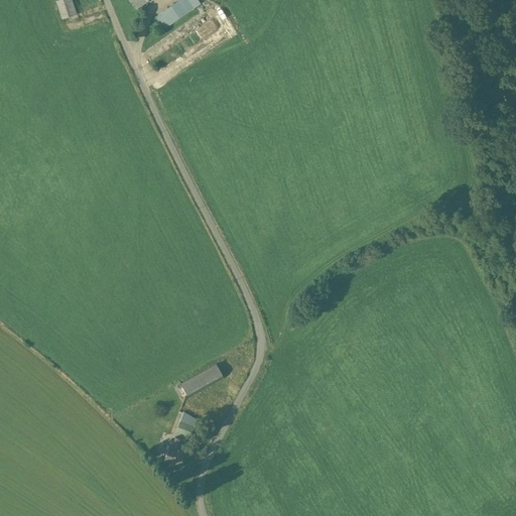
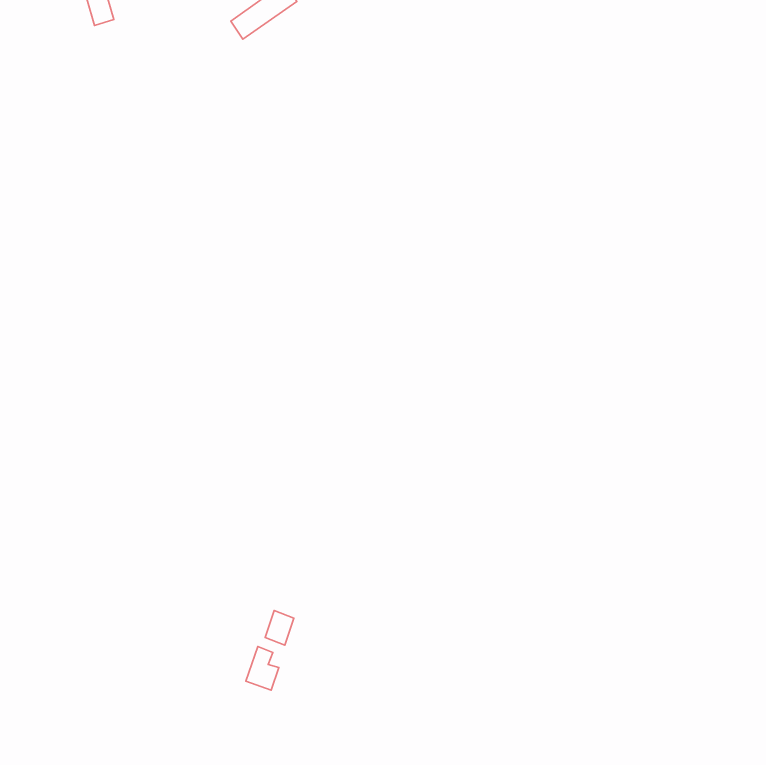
building: [181,363,224,394] -> none

